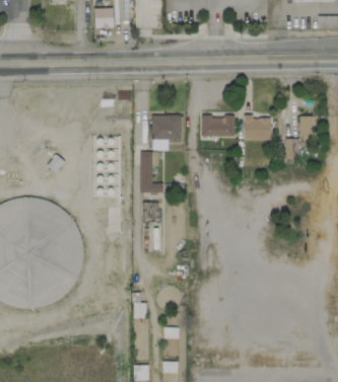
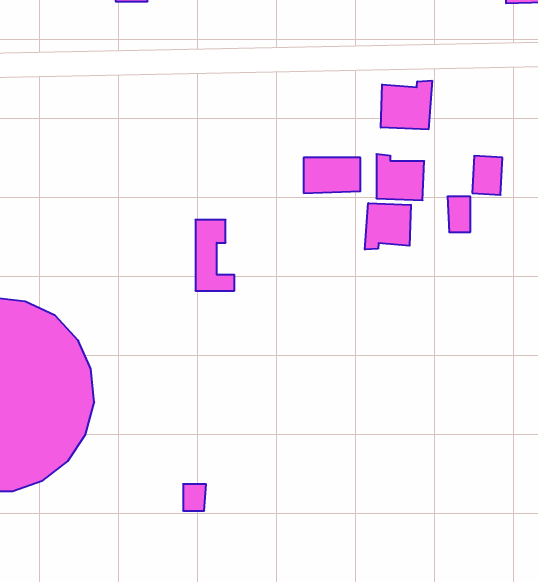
building: none -> [381,81,432,129]
building: [153,116,181,150] -> none
building: none -> [365,203,411,250]

